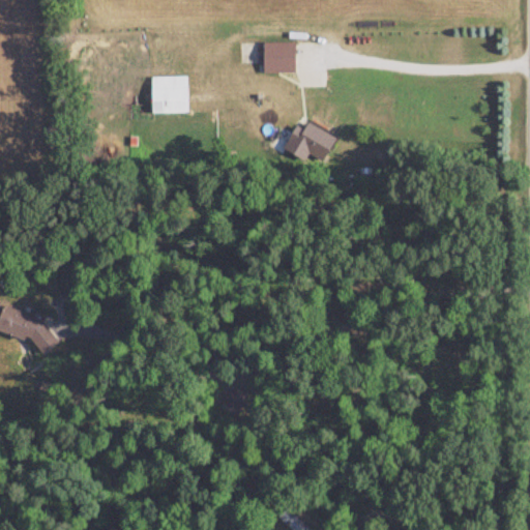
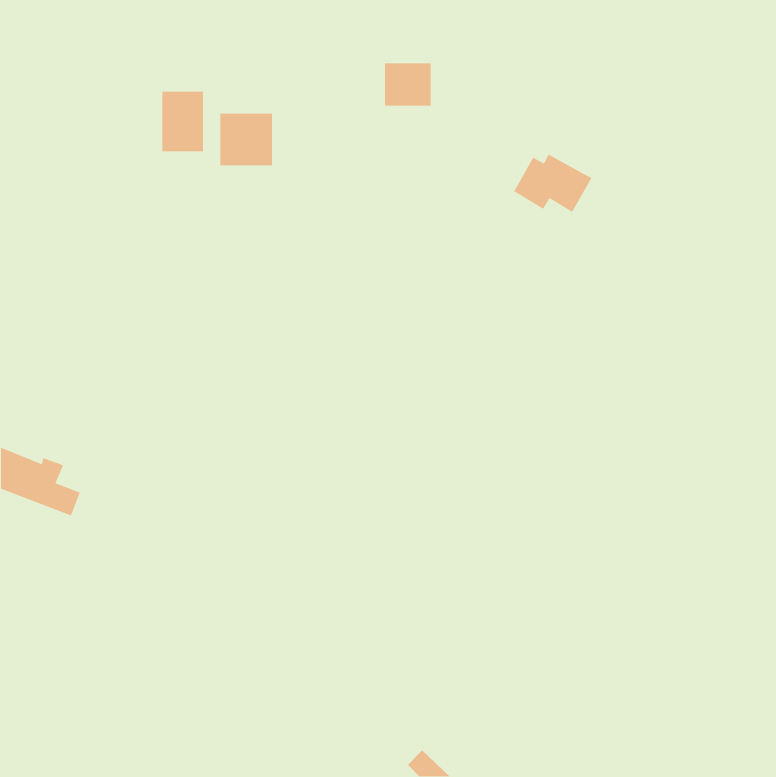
building: none -> [161,91,204,152]
building: [283,122,336,163] -> [513,154,592,213]

